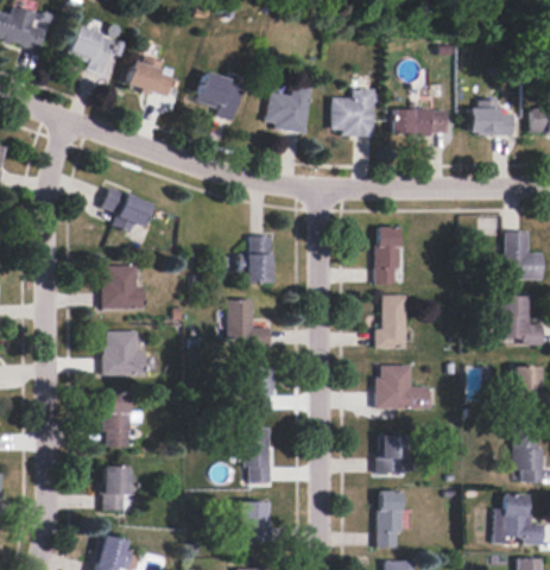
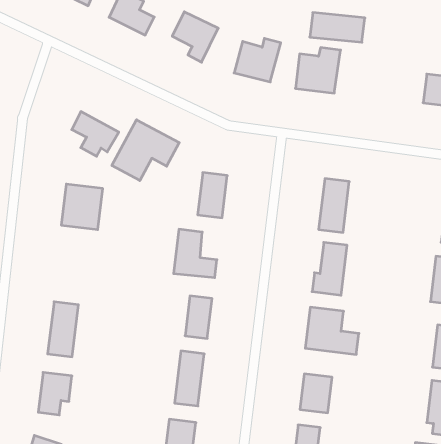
building: [393,108,449,135] -> [310,13,365,42]
building: none -> [112,120,179,181]
building: [105,331,146,375] -> none

